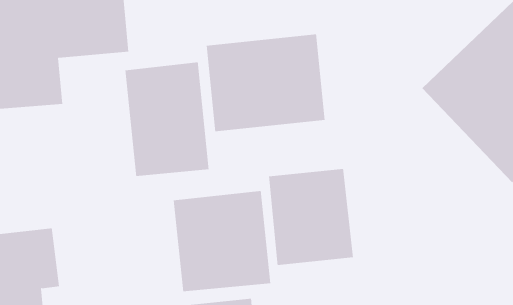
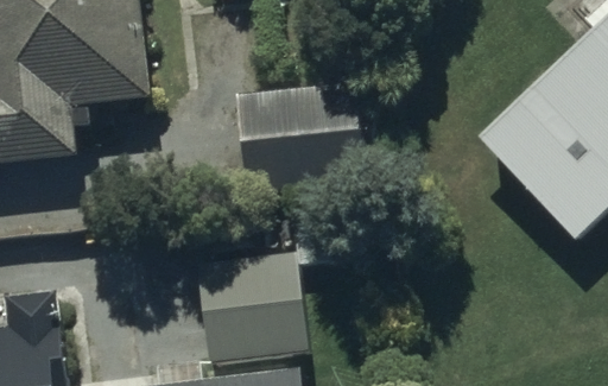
building: [125,62,209,177] -> none
building: [268,168,353,266] -> none

